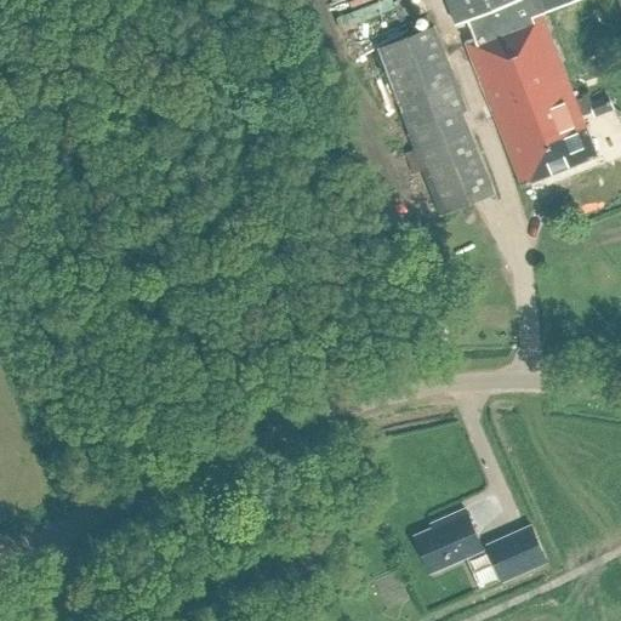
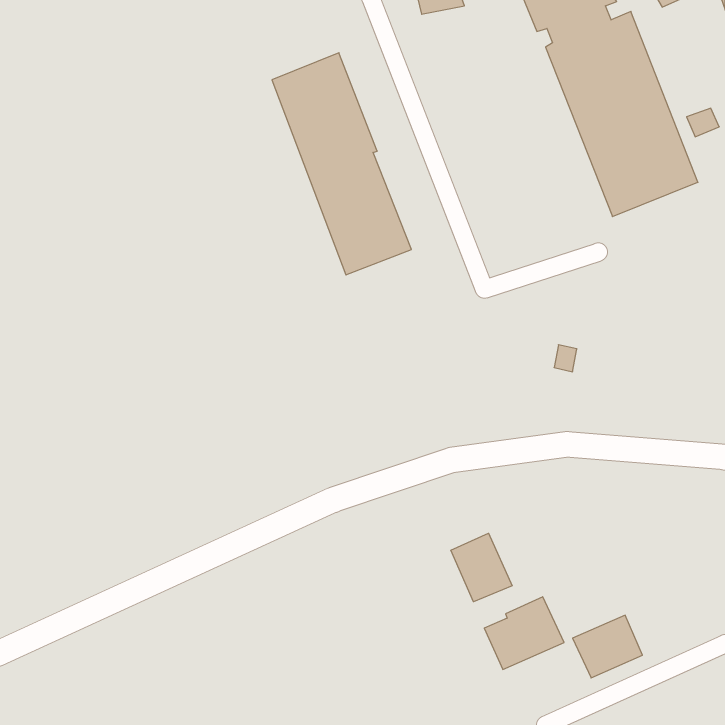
building: [375,24,494,213] -> [272,53,411,275]
building: none -> [451,533,512,602]

